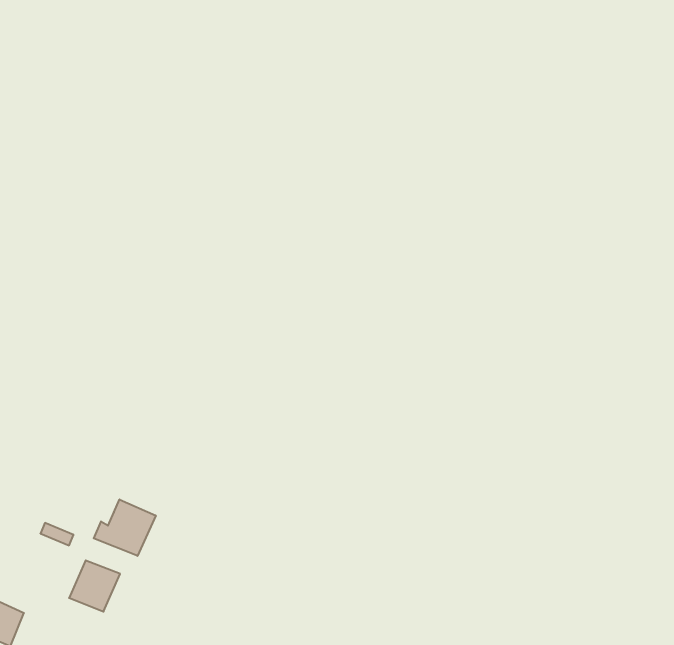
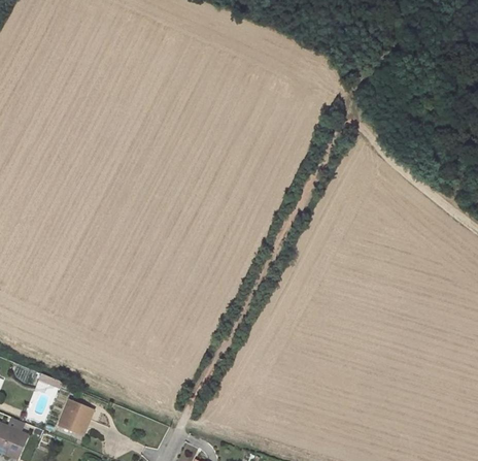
building: [94,499,156,556] -> none

